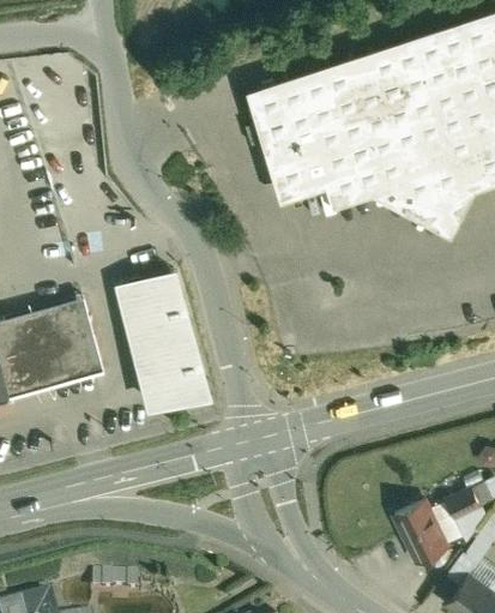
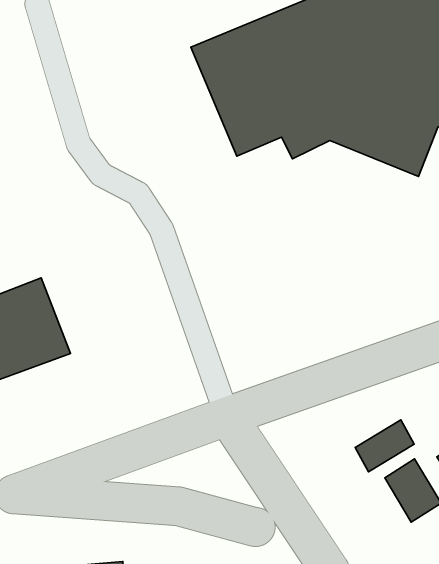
building: [113,269,212,411] -> none
building: none -> [355,420,414,472]

